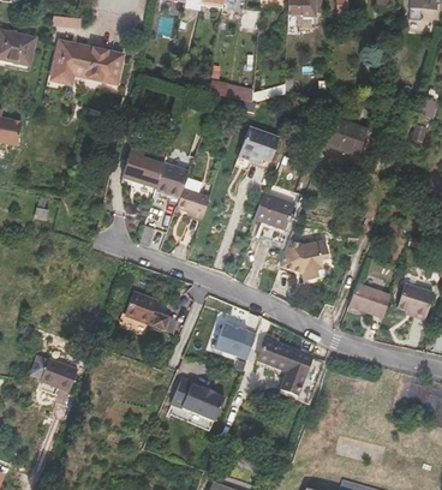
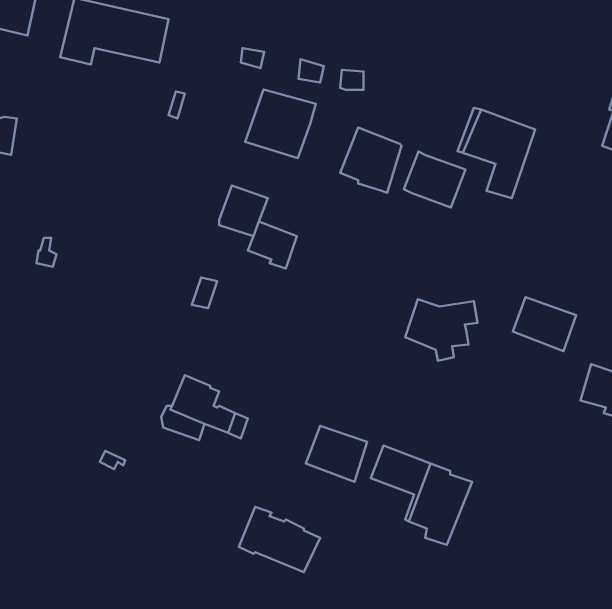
building: [123,142,169,187] -> [245,90,316,158]
building: [255,192,295,229] -> [404,151,465,207]
building: [348,282,390,318] -> [513,297,576,351]
building: [32,357,78,392] -> none

